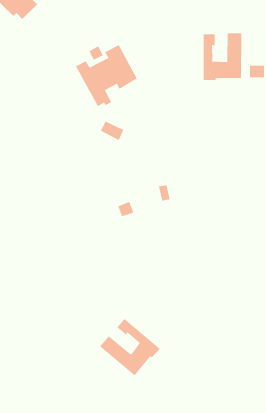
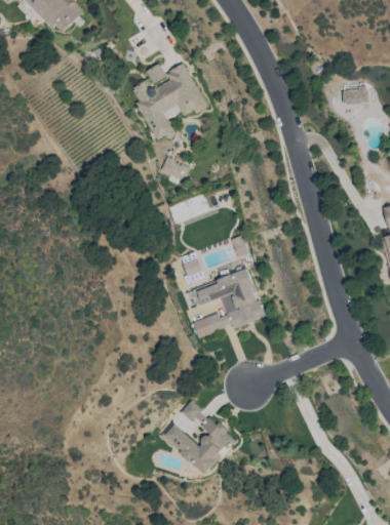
building: [203,33,242,81] -> none
building: none -> [191,269,263,336]

